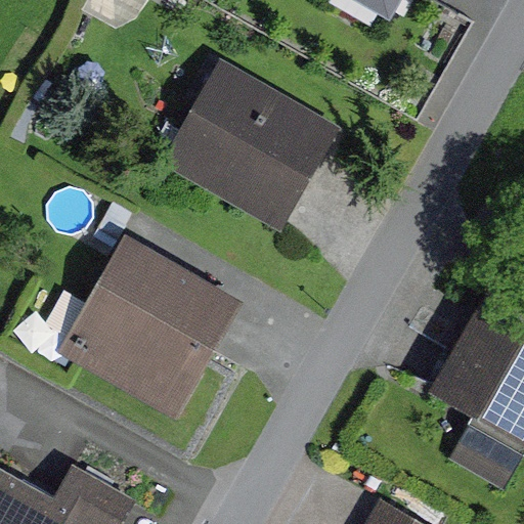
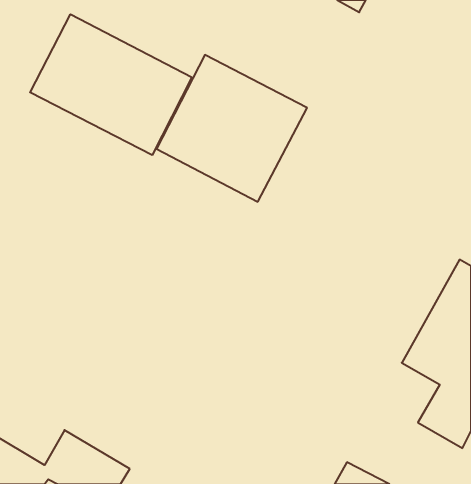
building: none -> [30,14,192,155]
building: [59,236,242,420] -> none

